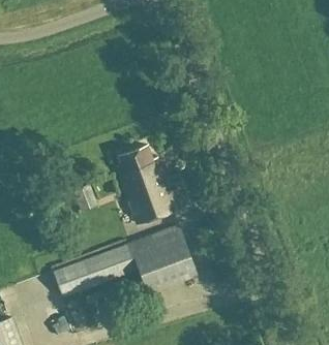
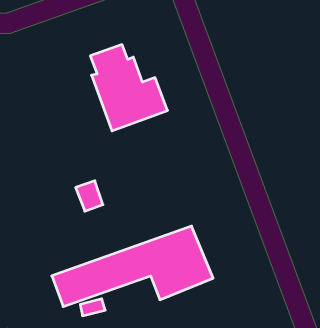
building: [117,145,187,223] -> [90,45,168,131]

